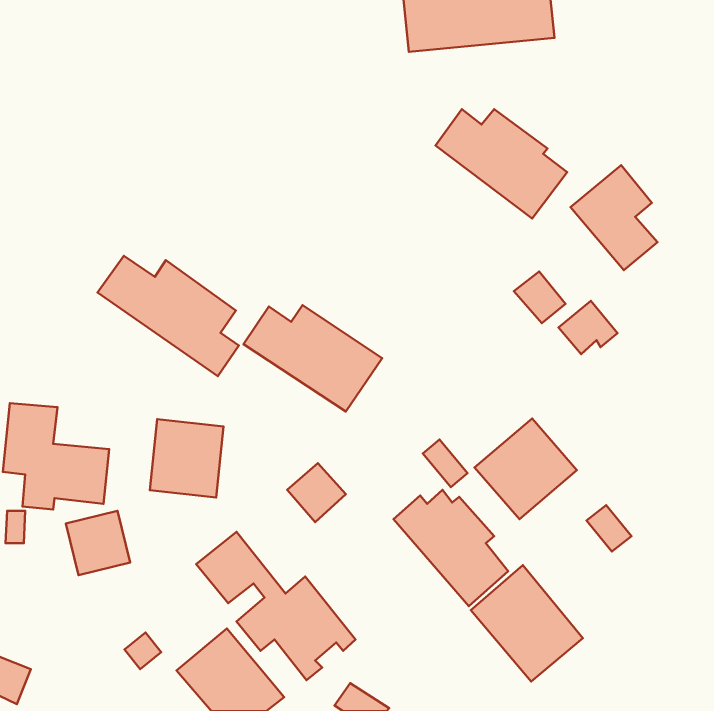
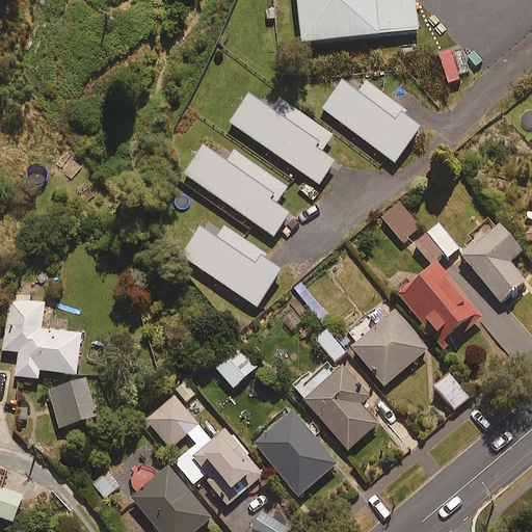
building: none -> [231,95,335,184]
building: [571,165,657,270] -> [461,223,526,301]
building: [97,256,239,376] -> [184,147,289,236]
building: none -> [398,263,481,348]
building: [150,419,224,497] -> none
building: [471,565,583,681] -> [254,409,337,496]

